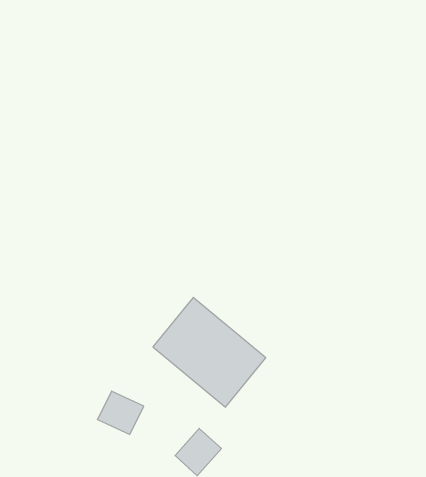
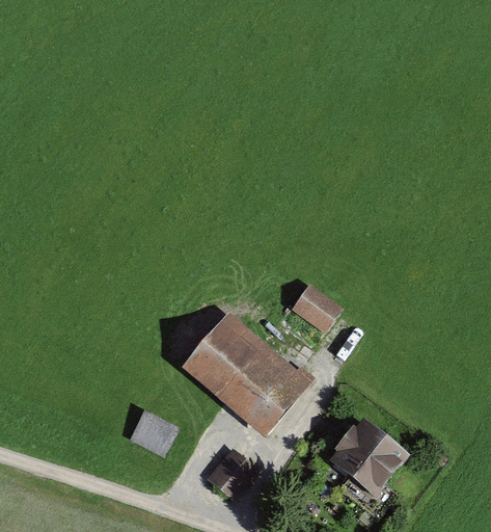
building: none -> [293,286,339,330]
building: none -> [332,418,413,497]

